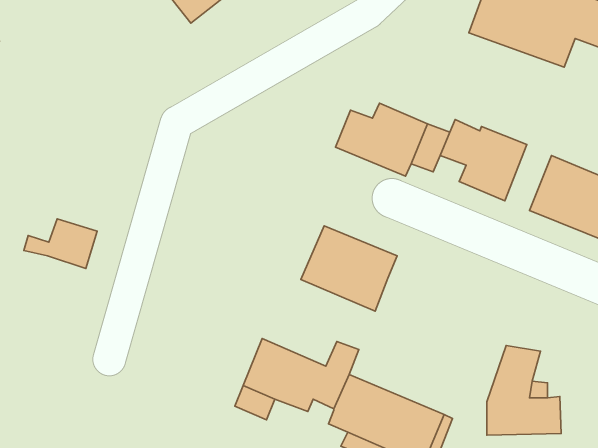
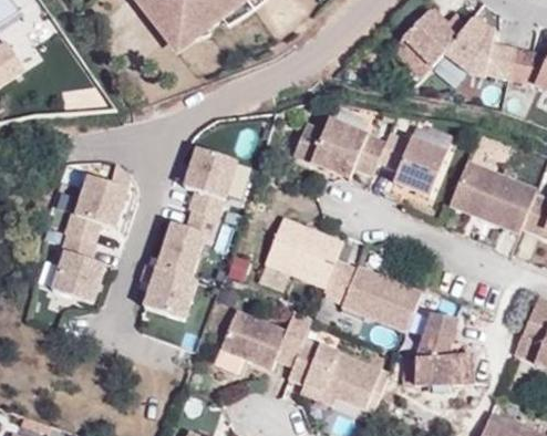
building: none -> [141,143,250,320]
building: none -> [51,162,132,226]
building: none -> [34,242,110,302]
building: none -> [324,260,422,332]

